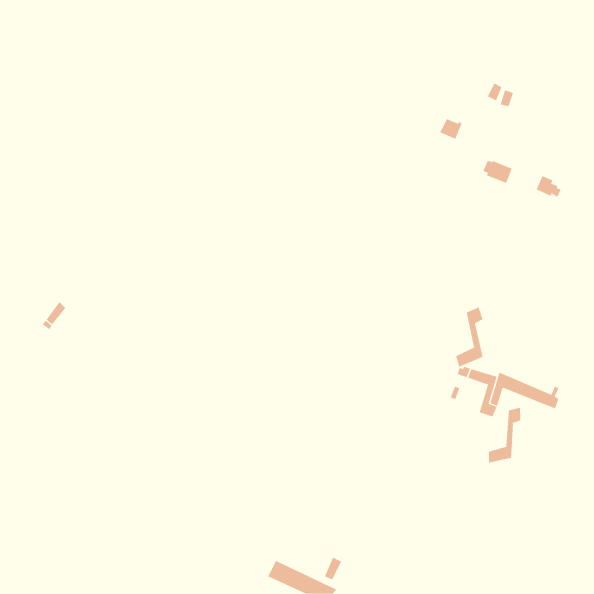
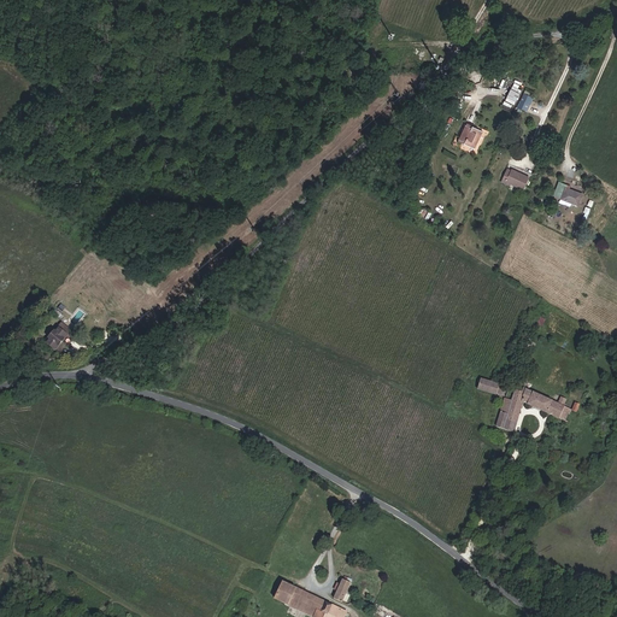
building: [456,306,483,368] -> none
building: [488,407,521,464] -> none

